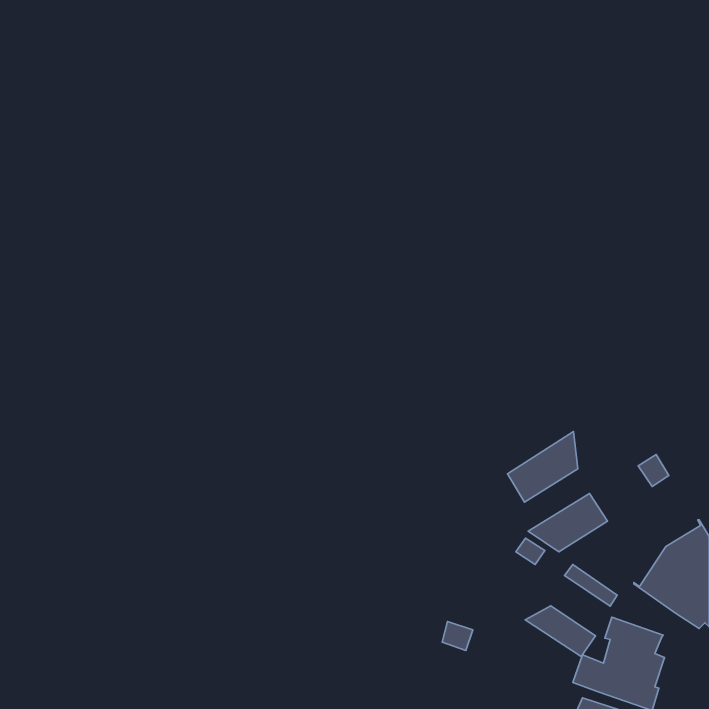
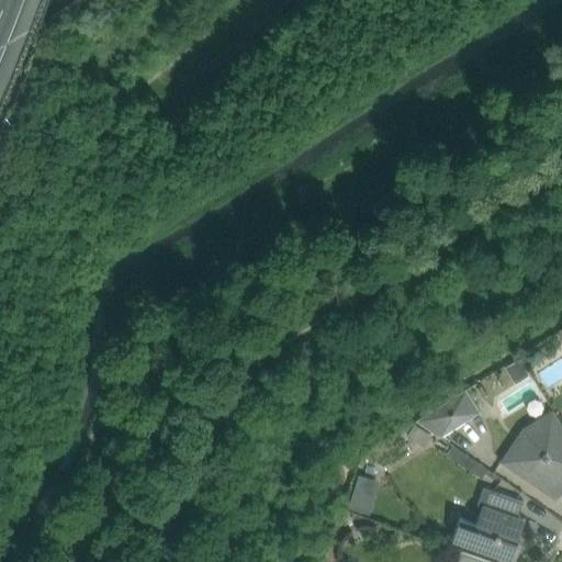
building: [508,432,578,502] -> none
building: [525,606,595,656] -> none

